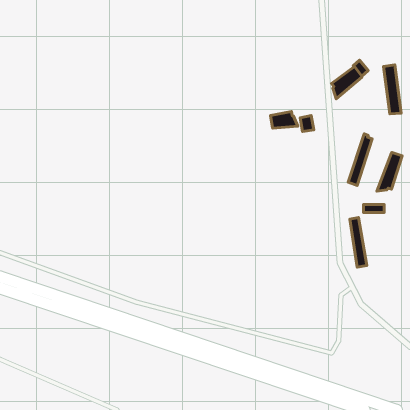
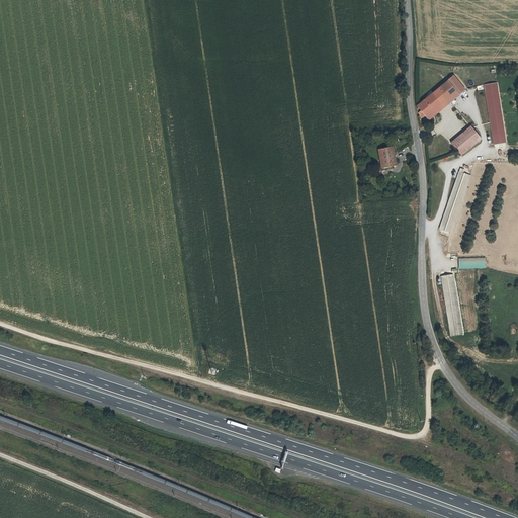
building: none -> [452,121,485,153]
building: [270,112,298,128] -> none
building: [377,152,402,191] -> none

